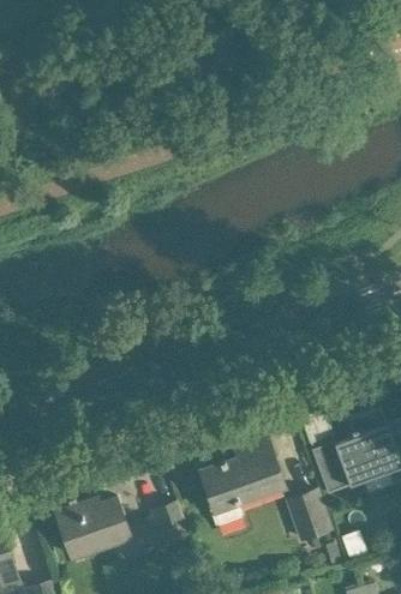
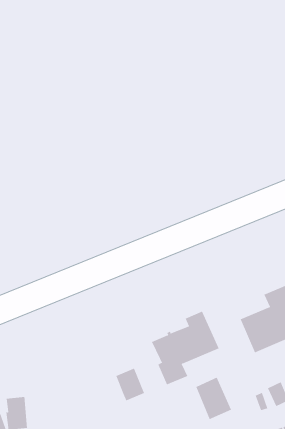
building: [288,490,331,542] -> [196,377,232,420]
building: [56,499,160,554] -> none

